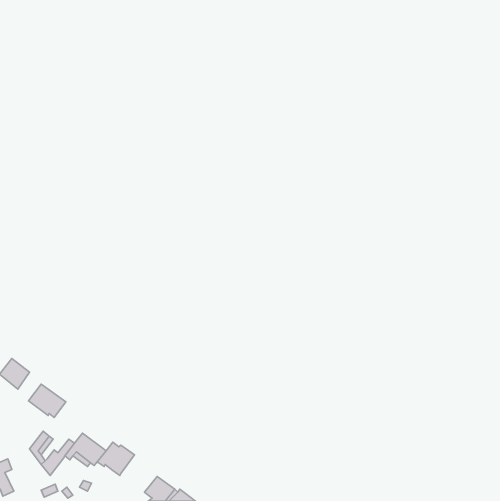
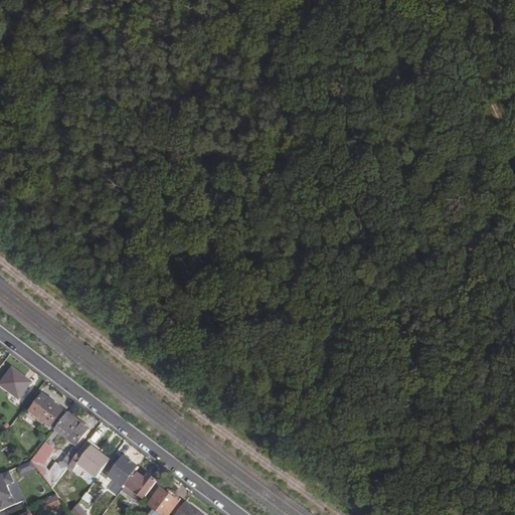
building: none -> [54,411,89,444]
building: none -> [119,471,156,502]

